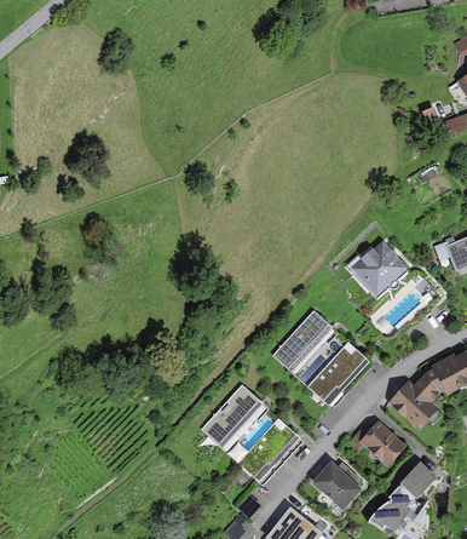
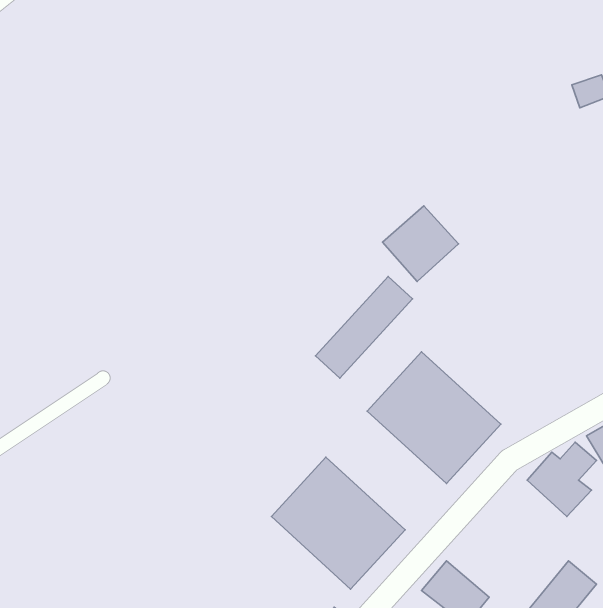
building: [352,242,408,298] -> [383,206,458,282]
building: none -> [315,277,413,378]
building: [361,422,407,465] -> none

